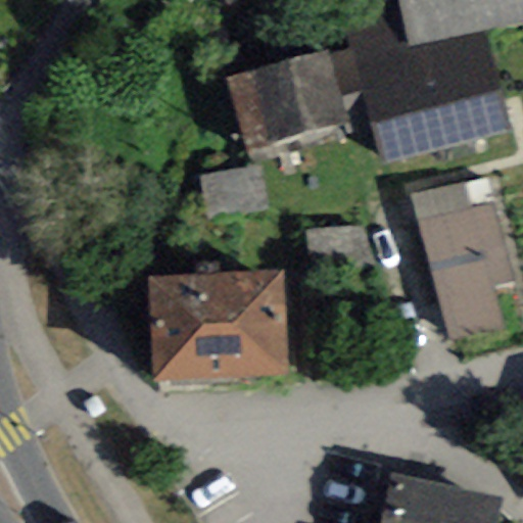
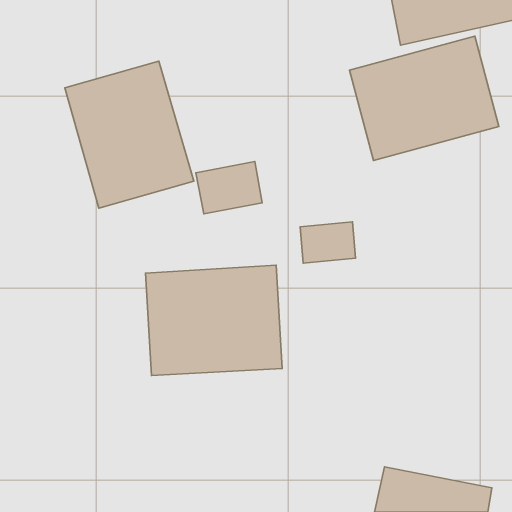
building: [226,47,346,149] -> none
building: none -> [65,61,194,208]
building: [411,179,515,340] -> none

